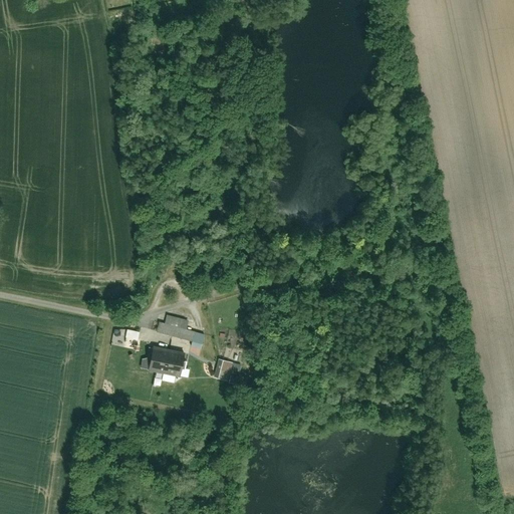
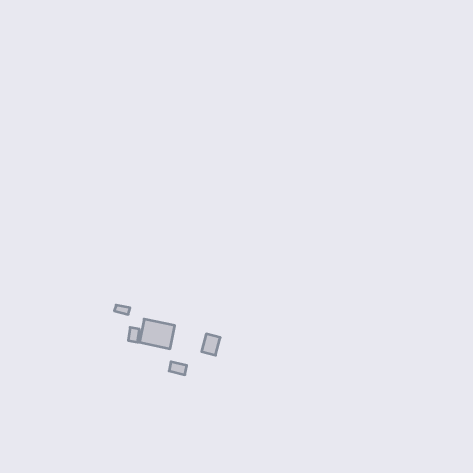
building: [156,314,192,340] -> none

